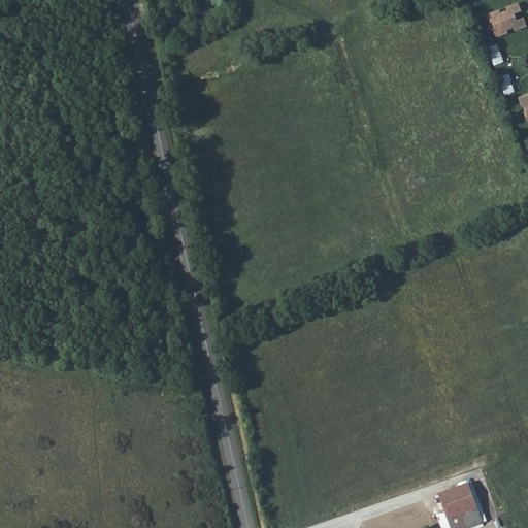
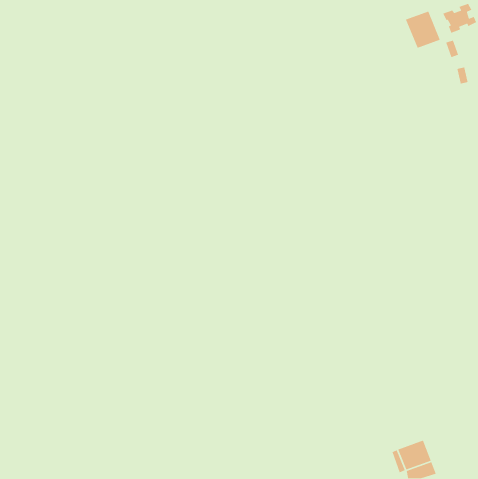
building: none -> [405,10,441,49]

